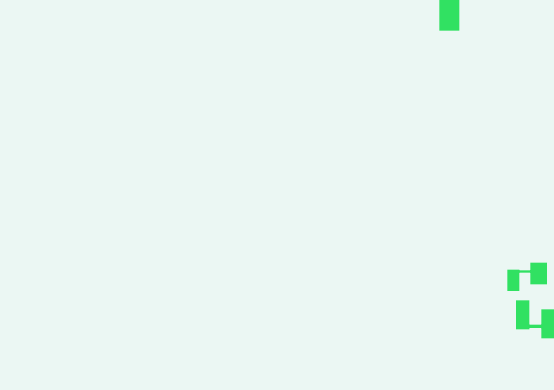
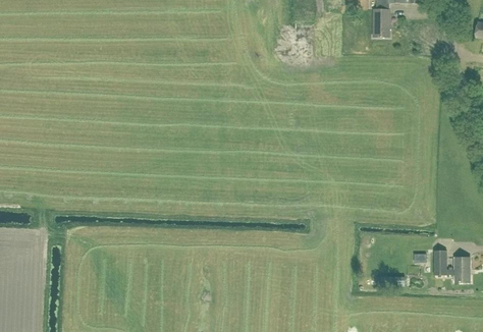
building: [506,262,548,292] -> none

